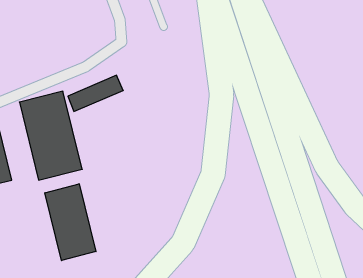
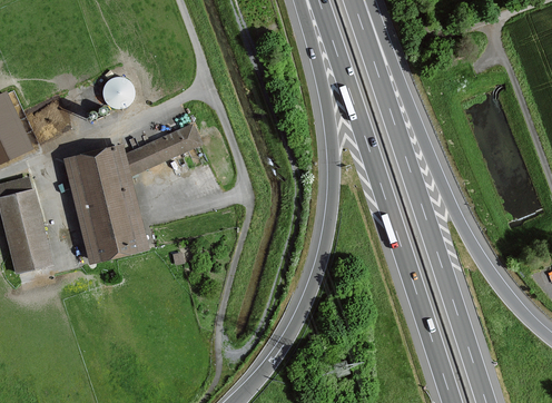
building: none -> [102,75,135,105]
building: [45,184,96,261] -> none

